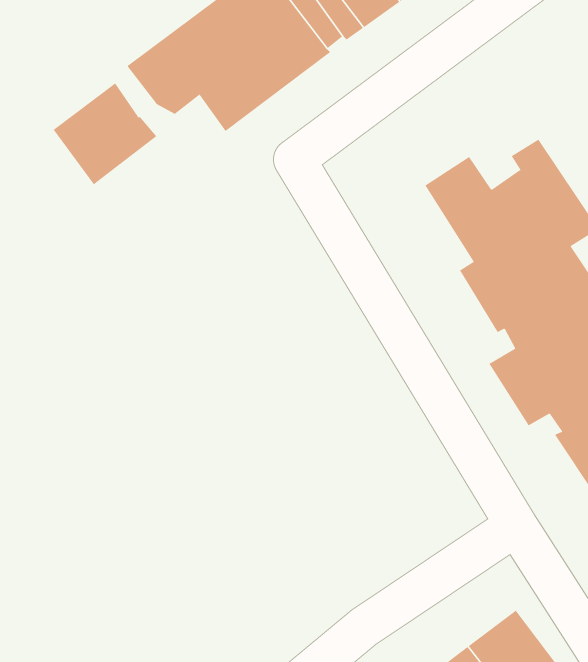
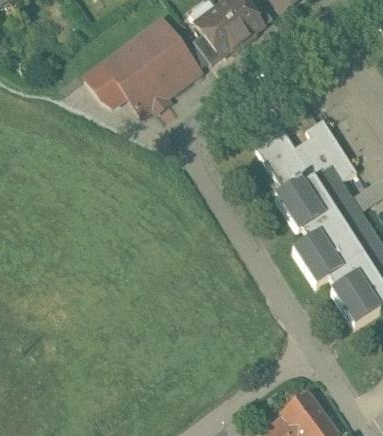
building: [53,83,157,185] -> none

